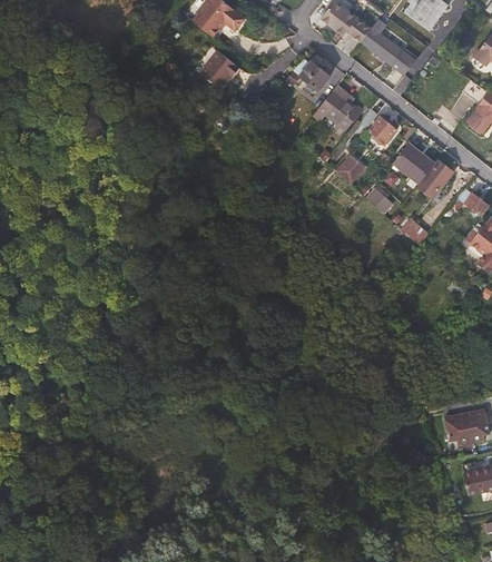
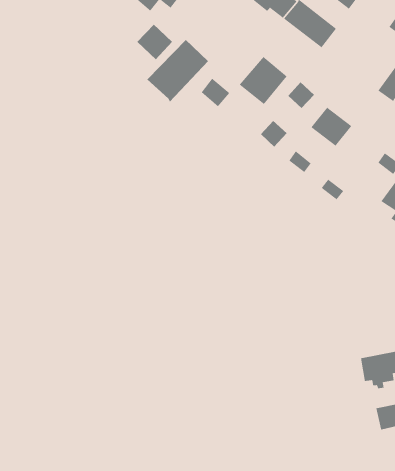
building: [299,56,332,88] -> [201,78,230,107]
building: none -> [146,39,209,103]
building: [417,158,455,199] -> none

